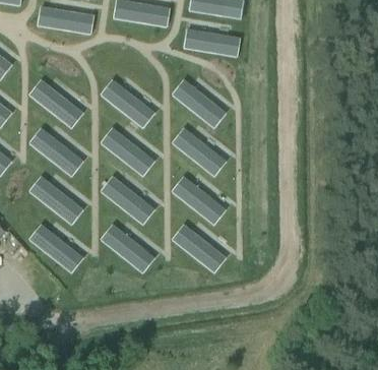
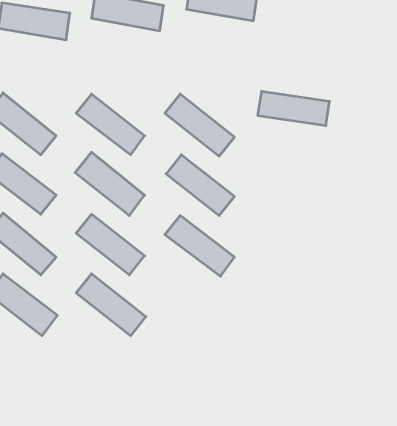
building: [182,28,240,56] -> [258,91,330,126]
building: [171,224,227,272] -> none

